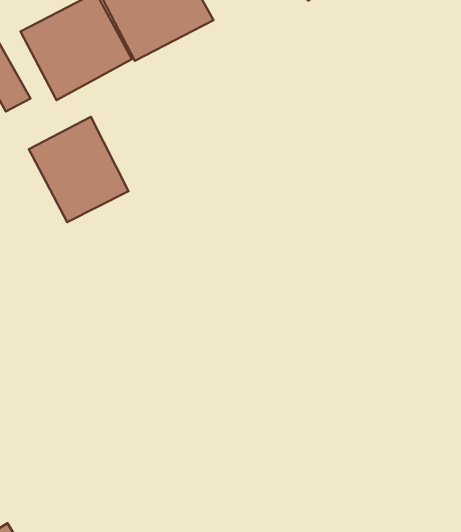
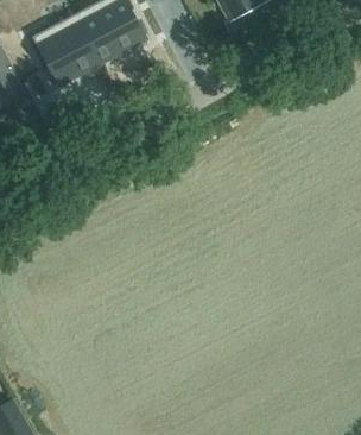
building: [29,117,128,222] -> none

